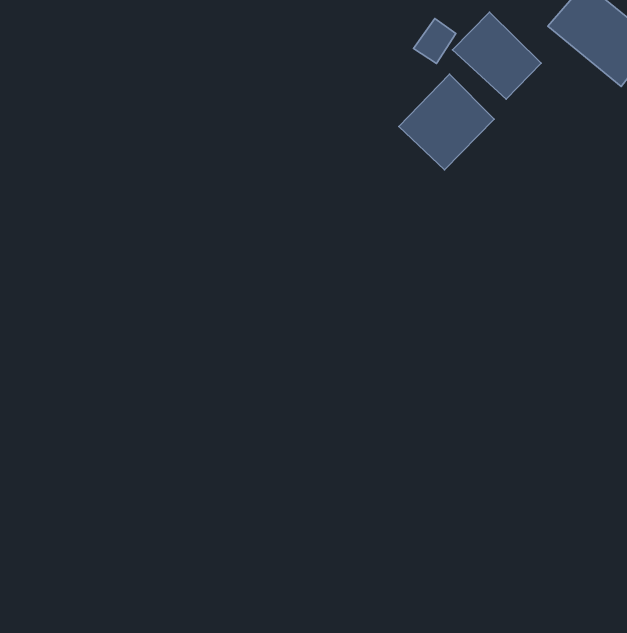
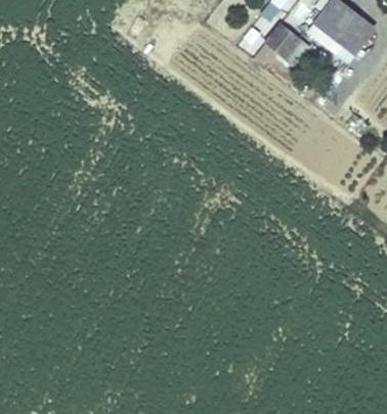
building: [399,74,494,170] -> none

